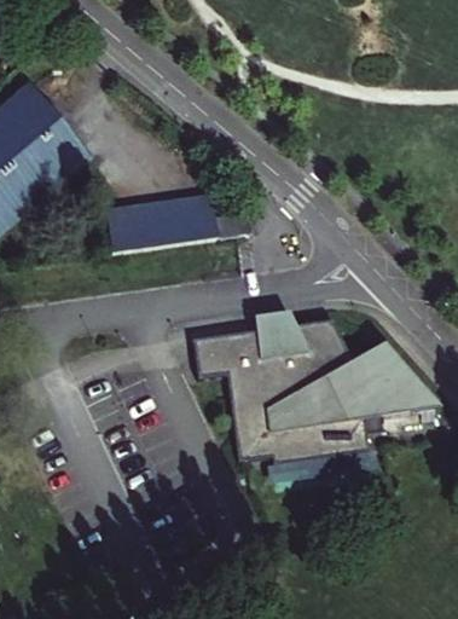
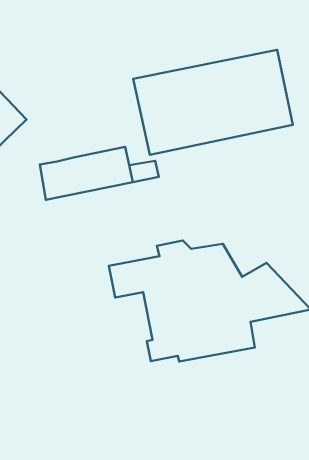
building: none -> [133,50,293,155]

